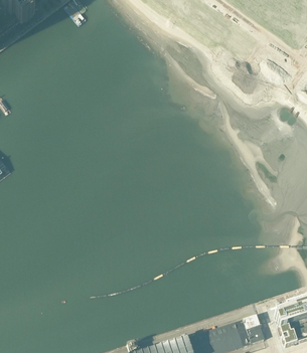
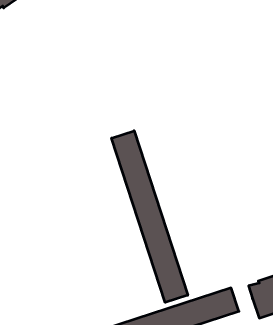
building: none -> [112,131,188,302]

